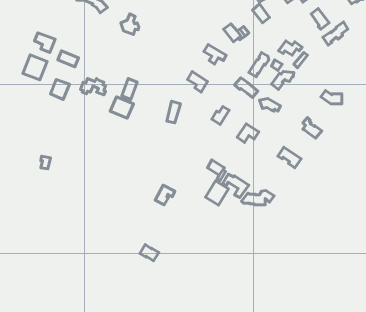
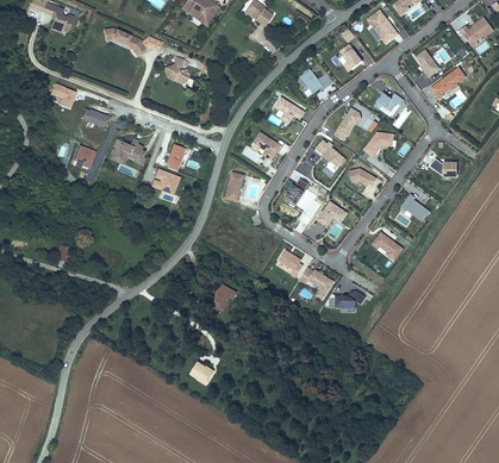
building: [23,55,47,80] -> none
building: [205,181,229,205] -> none

